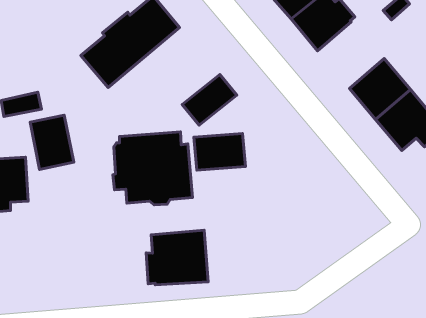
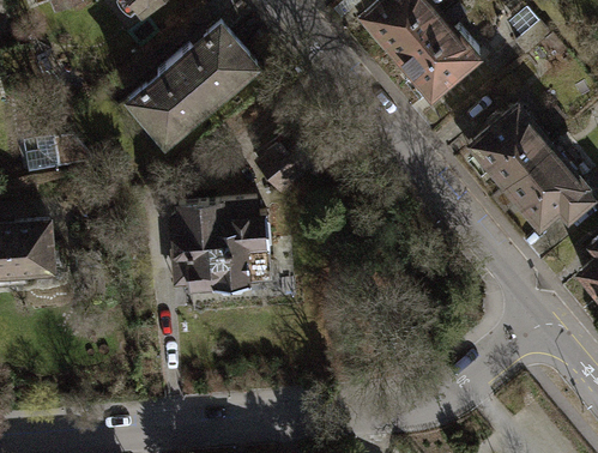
building: [30,115,74,169] -> none
building: [194,133,246,170] -> none
building: [146,230,208,285] -> none

